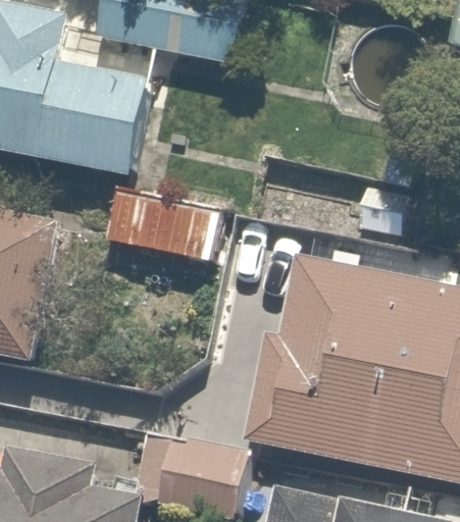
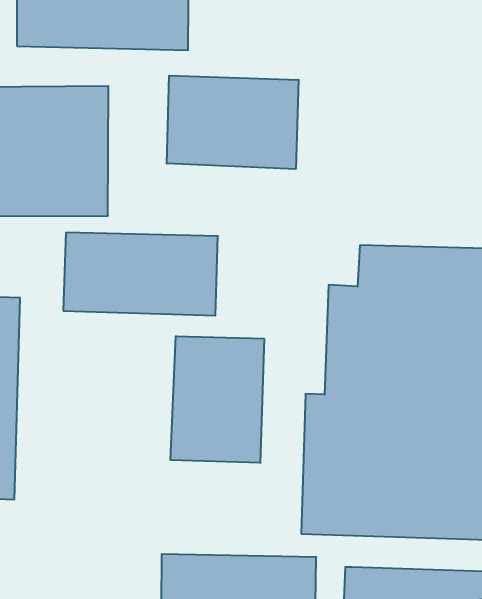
building: none -> [167,76,299,169]
building: none -> [171,336,264,463]

